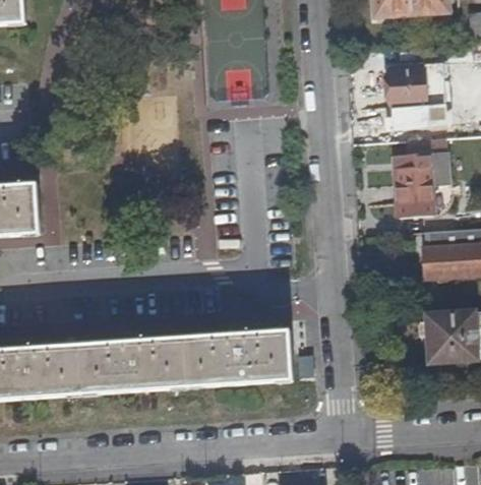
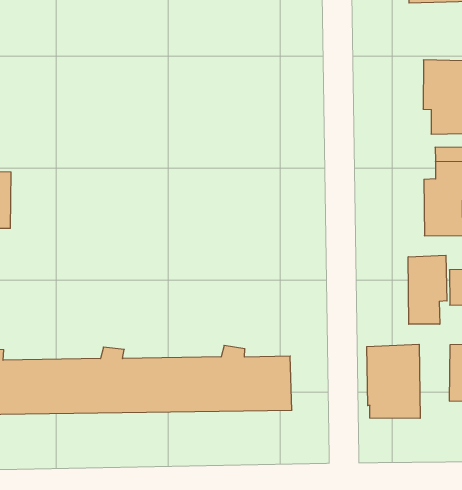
building: none -> [408,255,447,324]
building: none -> [367,344,420,418]

